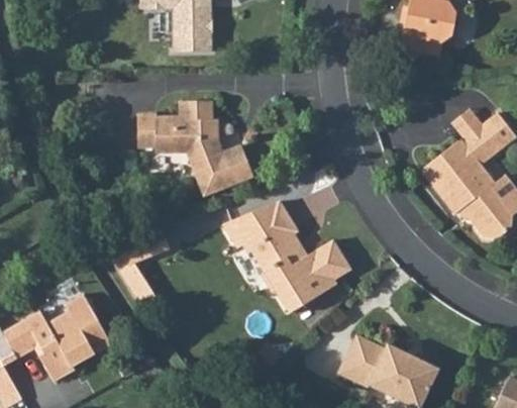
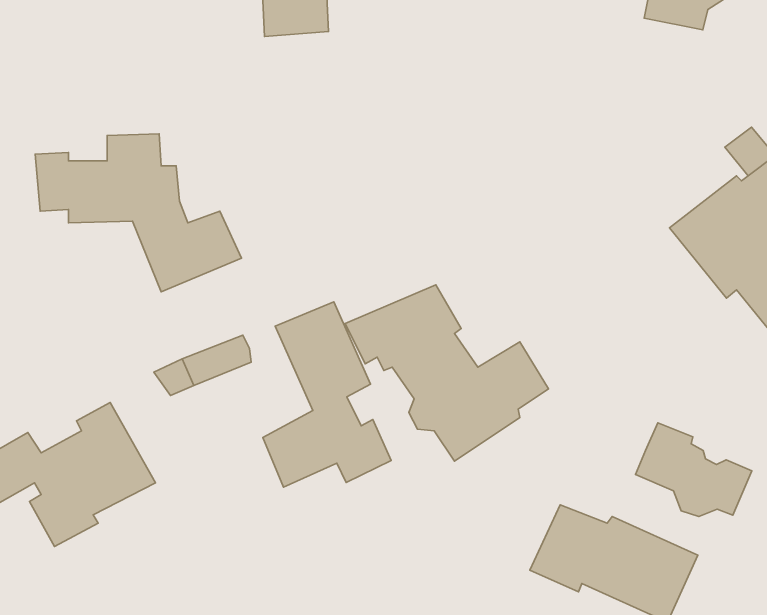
building: [136,103,261,198] -> [35,134,242,292]
building: none -> [263,302,391,487]
building: none -> [635,423,752,516]

